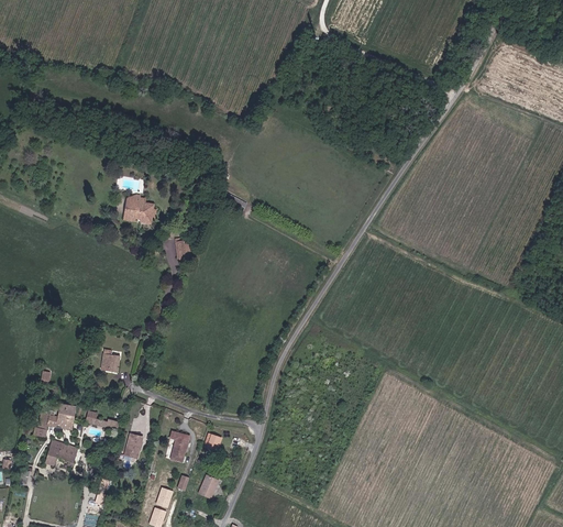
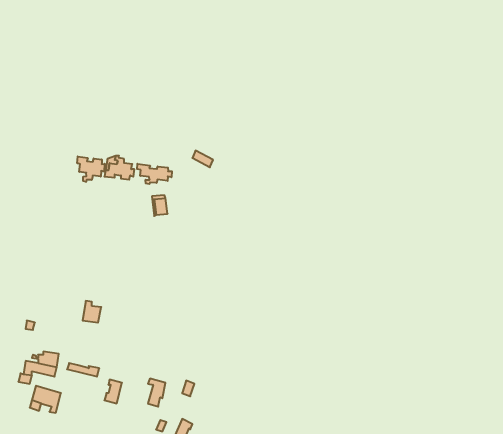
building: none -> [77,156,105,182]
building: none -> [137,164,172,184]

